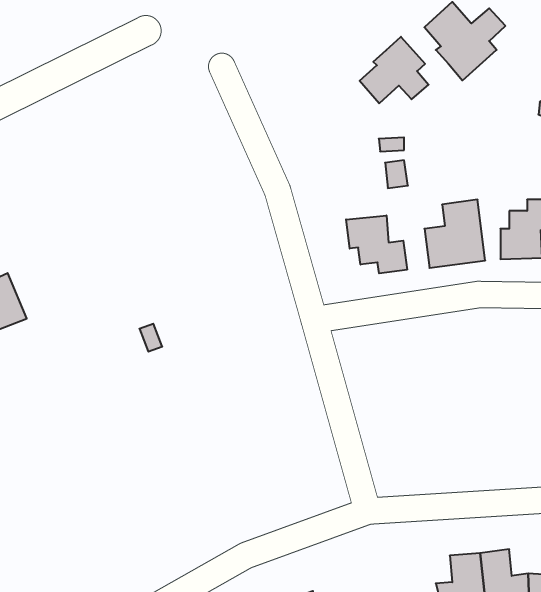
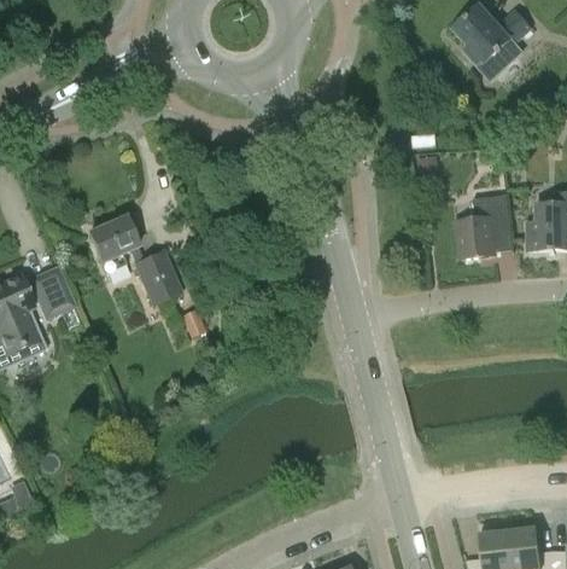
building: [360,37,429,103] -> none
building: [346,215,407,273] -> none
building: none -> [90,215,181,302]

